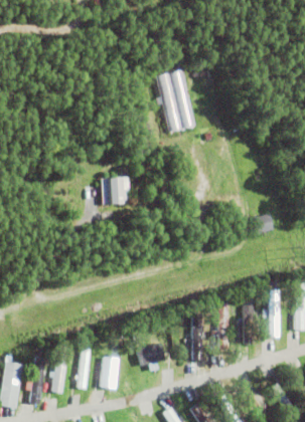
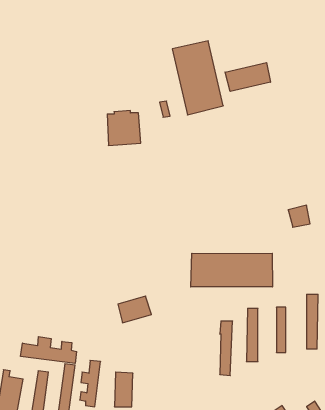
building: none -> [225,63,270,91]
building: [101,174,130,204] -> [107,111,141,145]
building: none -> [191,253,272,287]
building: none -> [21,337,77,363]
building: [136,343,165,366] -> [118,296,151,323]

